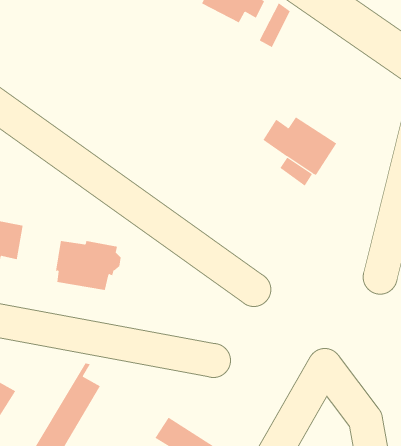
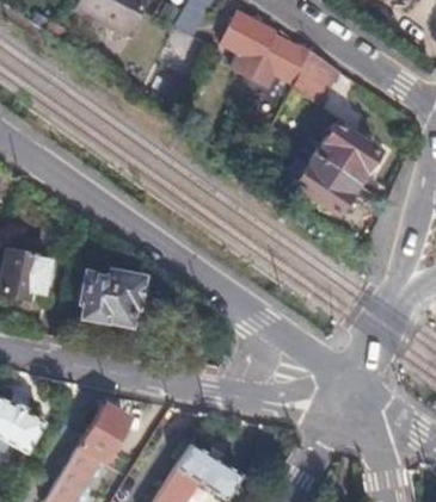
building: none -> [291,52,342,101]
building: none -> [314,124,376,181]

